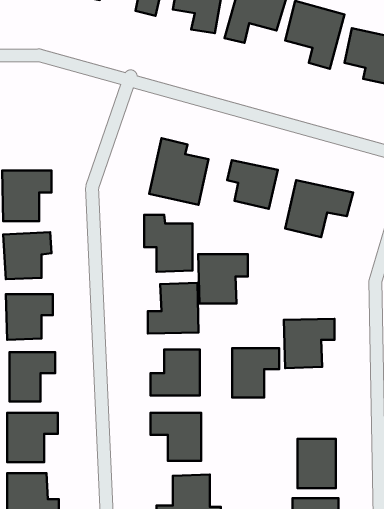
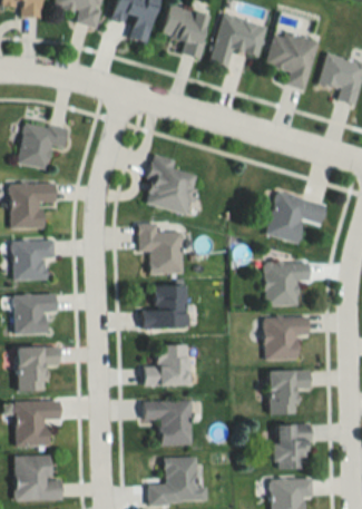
building: none -> [18,121,68,169]
building: [227,160,278,209] -> none
building: [198,254,248,304] -> [264,262,309,306]
building: [232,348,279,398] -> [268,370,311,414]

